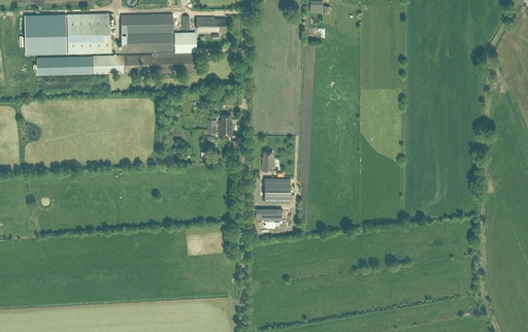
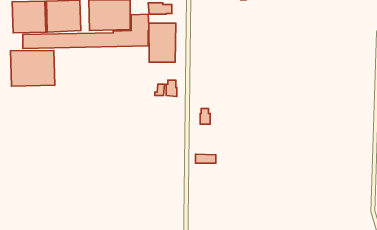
building: none -> [149,23,176,62]
building: none -> [11,51,55,86]
building: [264,178,290,202] -> none

